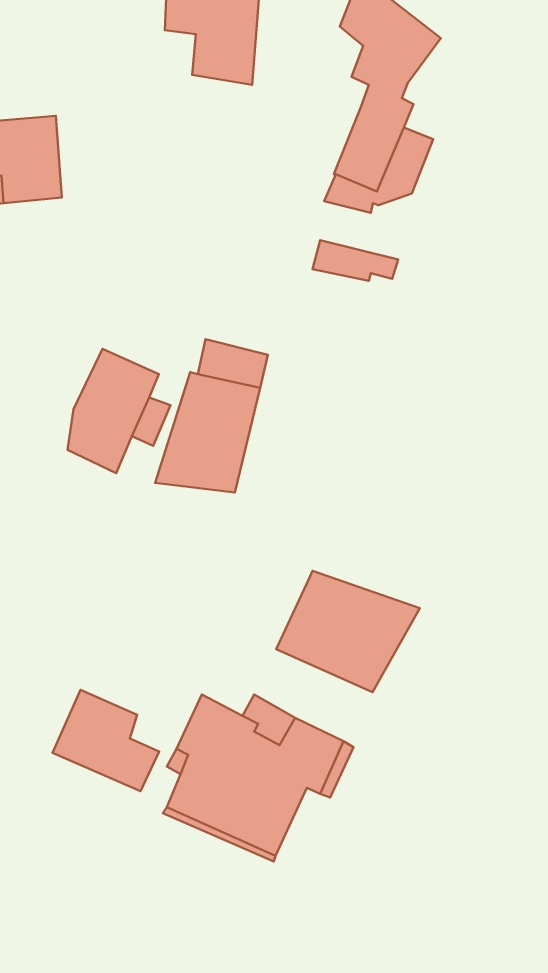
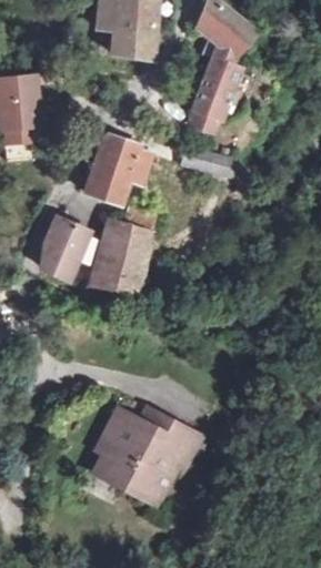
building: none -> [86,134,151,202]
building: [276,571,420,692] -> none
building: [52,690,159,791] -> none

